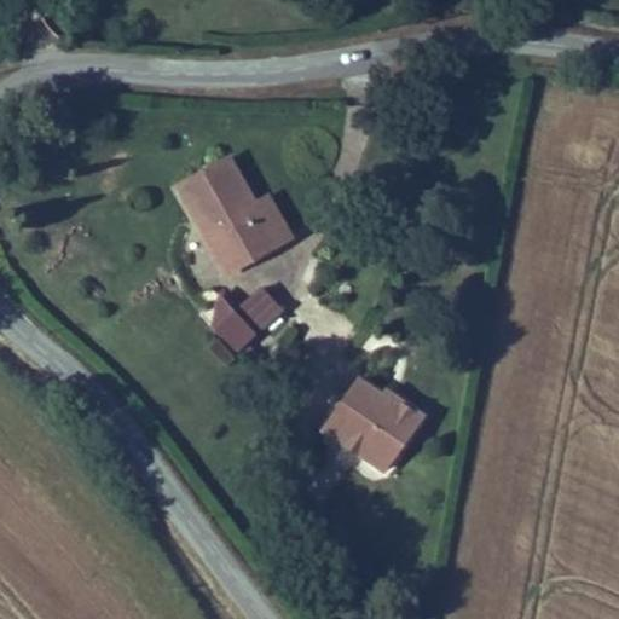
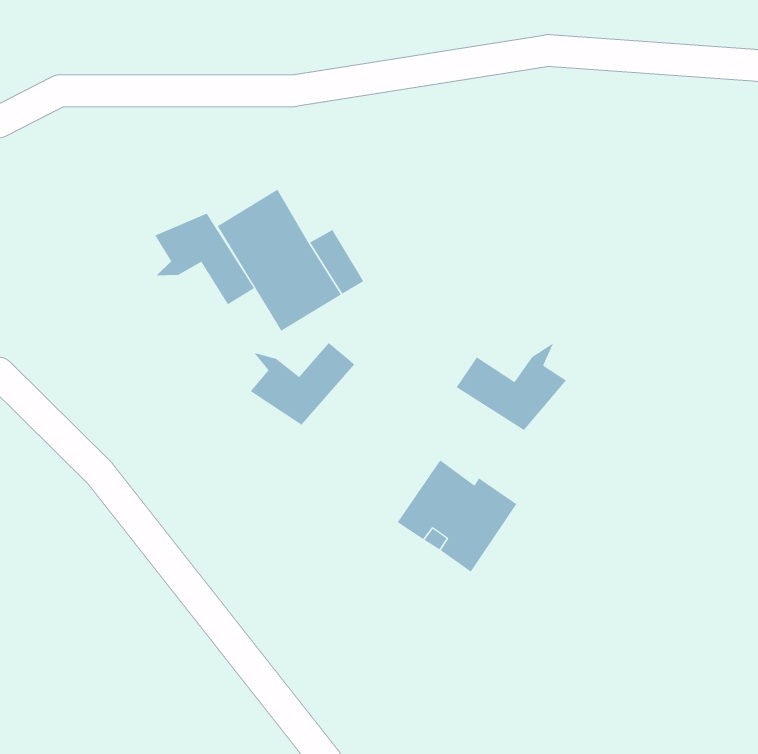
building: none -> [155,213,255,305]
building: none -> [456,343,567,431]

